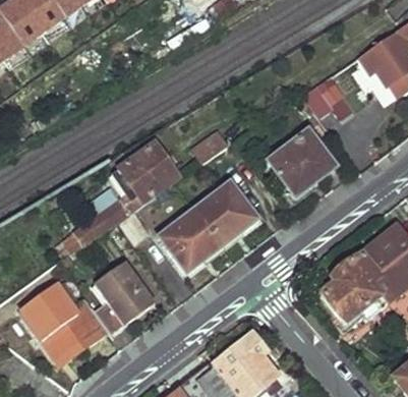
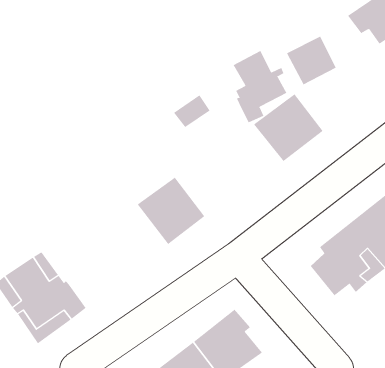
building: none -> [233,50,287,123]
building: [56,141,179,254] -> none
building: [194,181,259,246] -> none
building: [95,264,158,336] -> none

